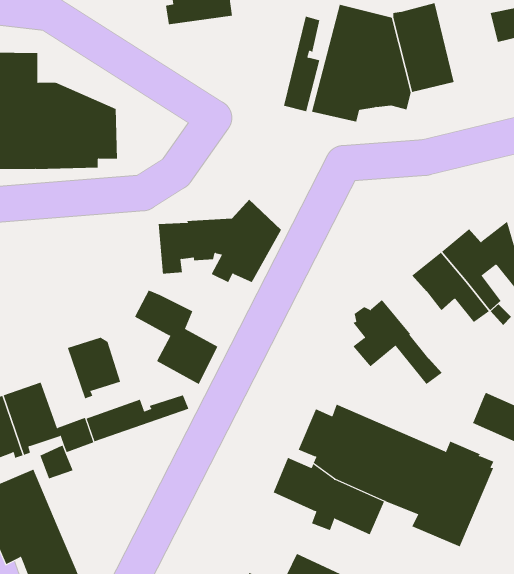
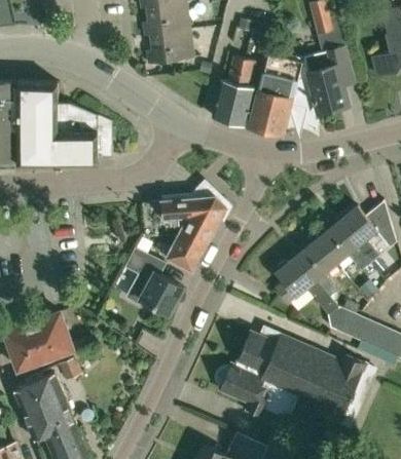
building: none -> [212,56,244,121]
building: none -> [159,238,207,272]
building: none -> [297,239,338,297]
building: [67,337,121,399] -> none
building: none -> [329,307,369,342]
building: [86,394,189,442] -> none

